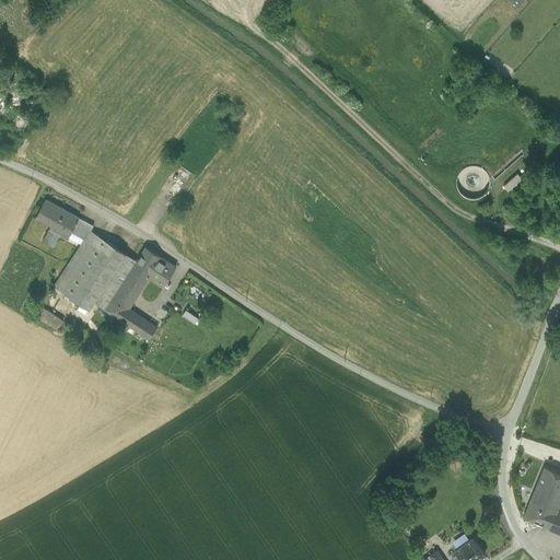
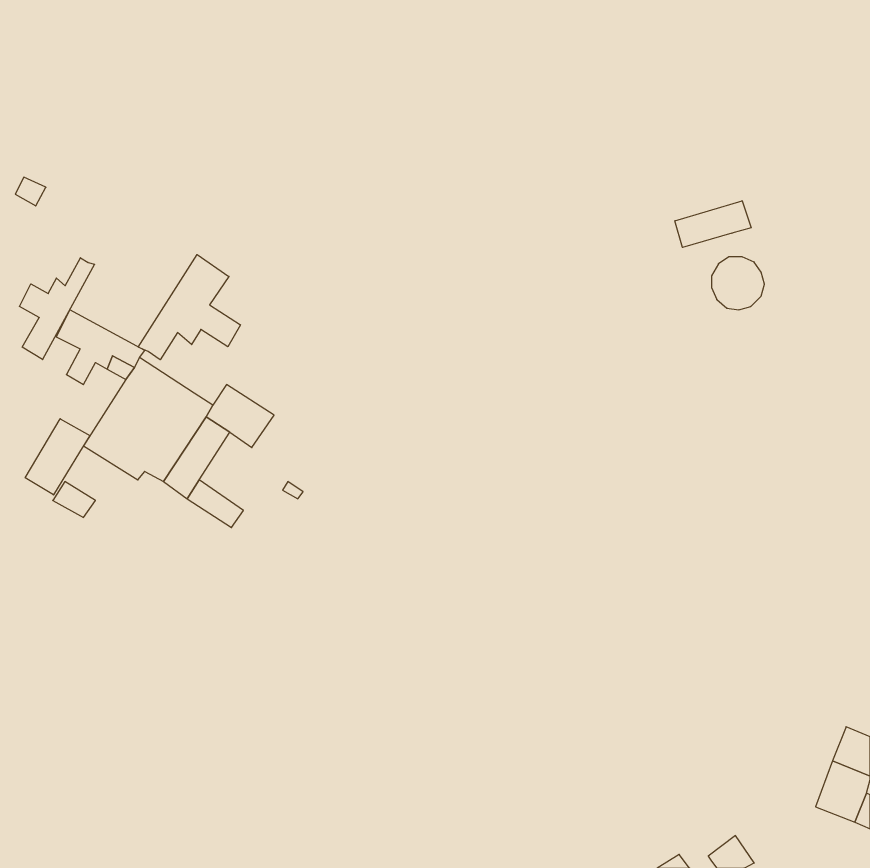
building: none -> [675,201,751,247]
building: none -> [138,255,240,360]
building: none -> [19,258,95,360]
building: none -> [25,419,90,495]

